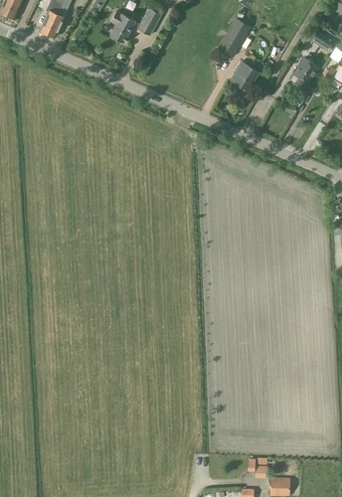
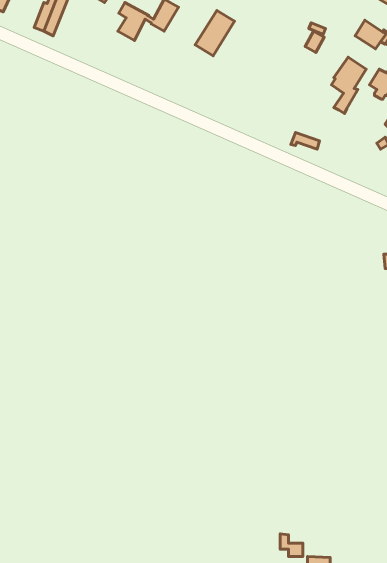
building: [218,17,251,55] -> [195,10,235,56]
building: [231,60,260,90] -> none

